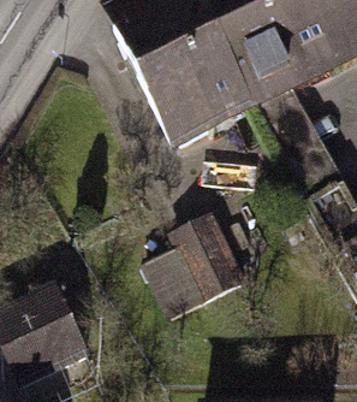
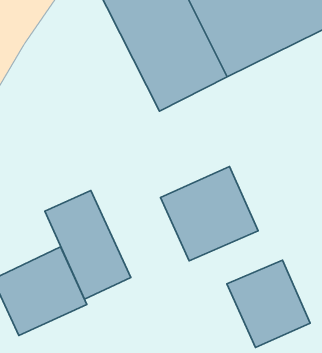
building: none -> [45,191,131,299]
building: none -> [227,260,310,348]

